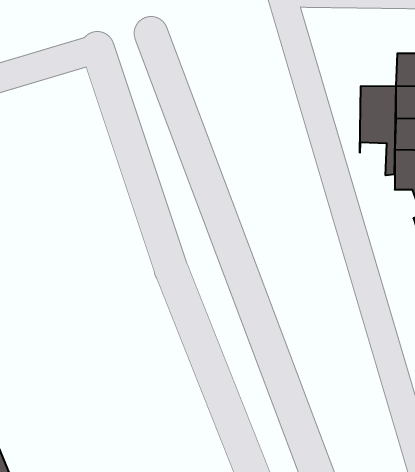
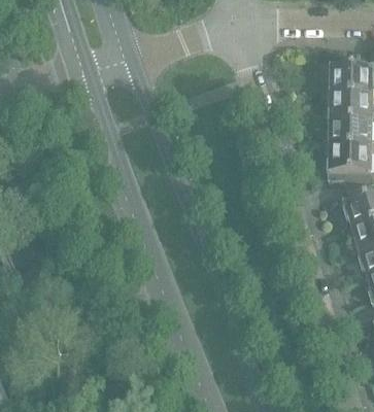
building: [360,86,396,175] -> none

